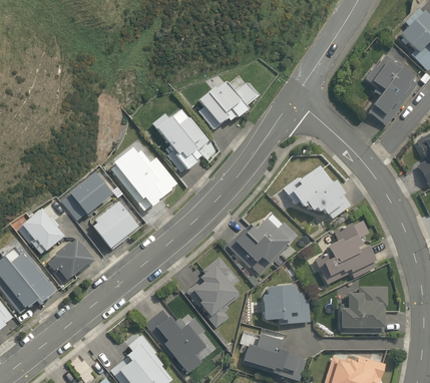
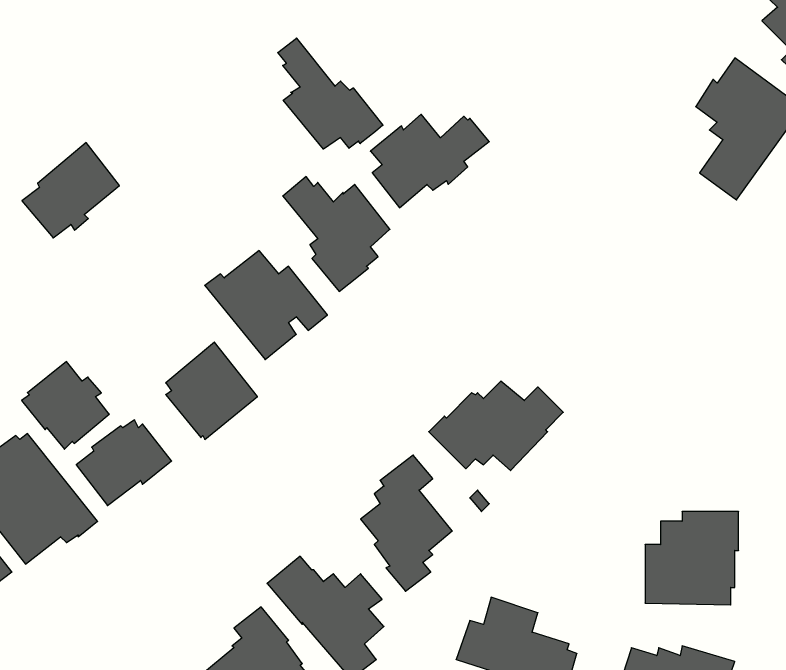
building: none -> [278,38,383,149]
building: [283,164,350,218] -> none
building: [62,171,112,221] -> [22,143,119,238]
building: [314,220,376,284] -> none
building: [263,283,310,322] -> none

